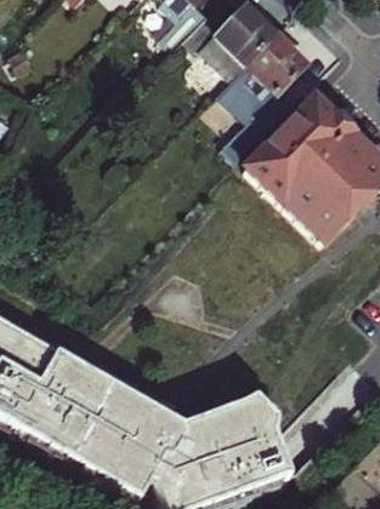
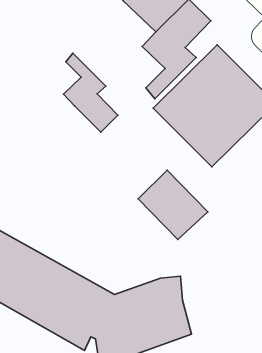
building: none -> [64,53,118,132]
building: none -> [138,170,208,239]

